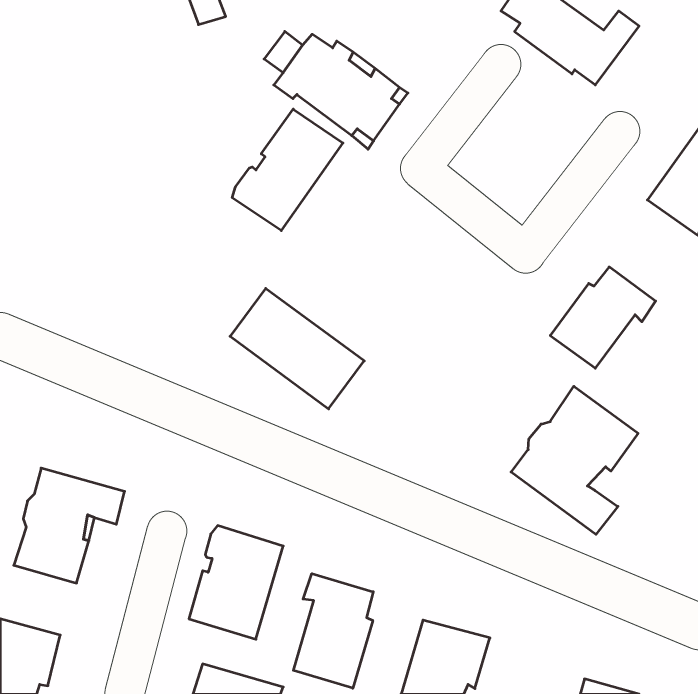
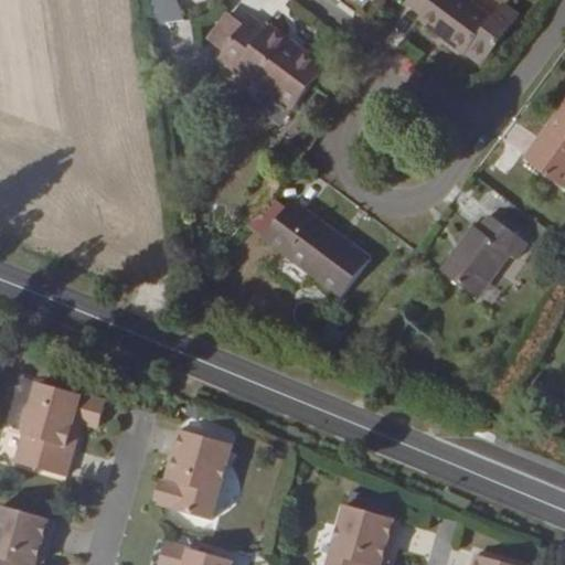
building: [232,109,343,231] -> none
building: [230,288,364,409] -> [260,202,369,299]
building: [511,386,638,534] -> none
building: [293,574,373,688] -> none

